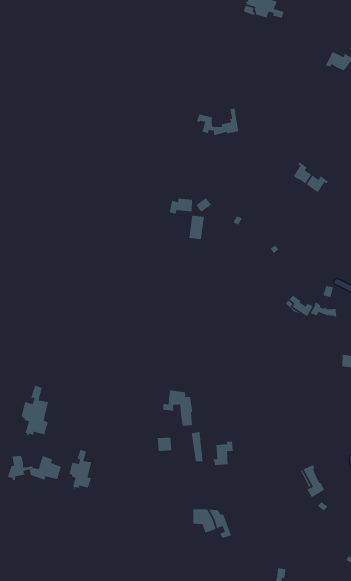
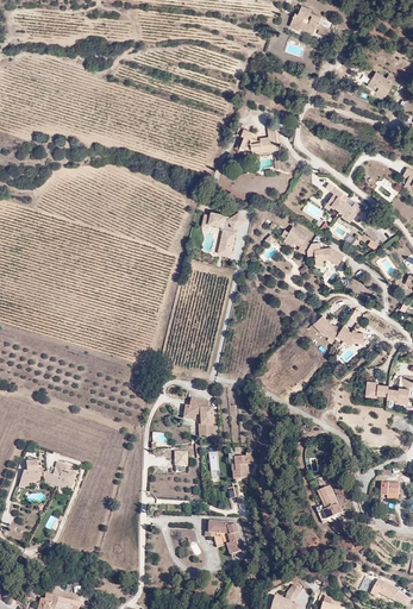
building: none -> [282,225,344,264]
building: [21,385,49,437] -> none
building: [69,449,92,489] -> none

